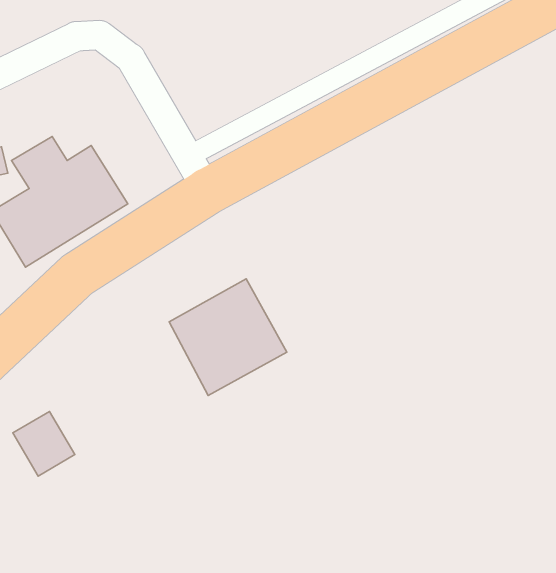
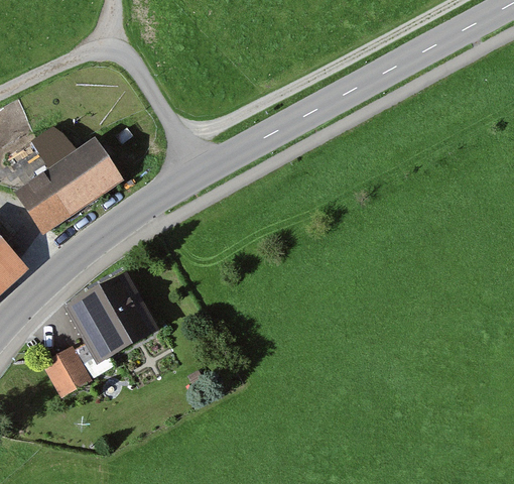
building: [169,279,287,395] -> [62,271,156,364]

